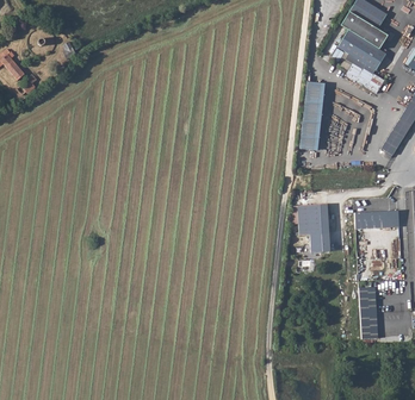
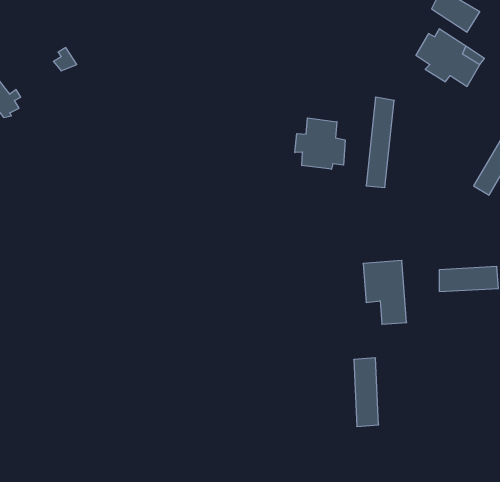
building: none -> [295,118,345,169]
building: [359,287,378,339] -> [354,358,379,426]

